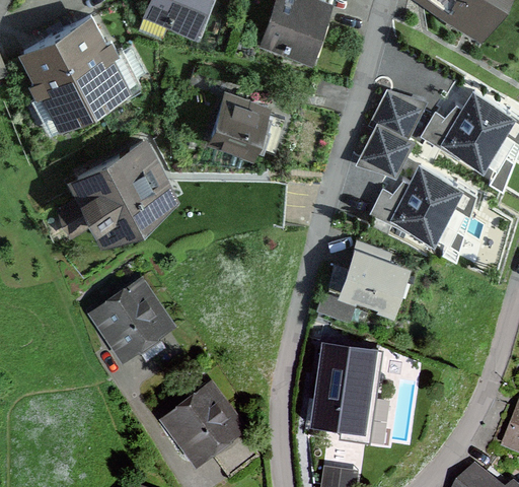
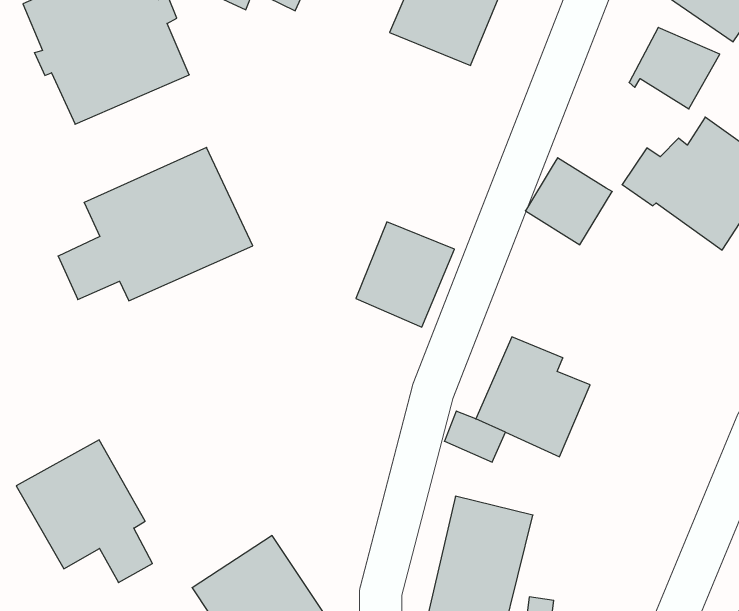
building: [368,87,426,139] -> [629,27,720,109]
building: [207,92,269,159] -> [356,222,454,327]
building: [366,162,472,248] -> none
building: [90,283,183,375] -> [16,440,152,583]

